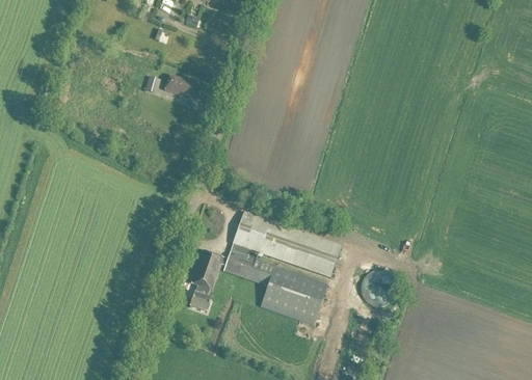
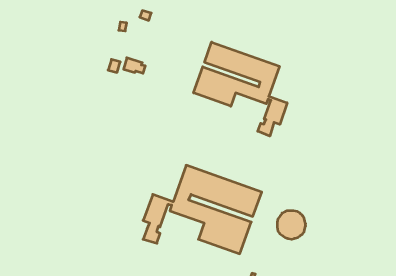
building: none -> [194,42,287,136]

